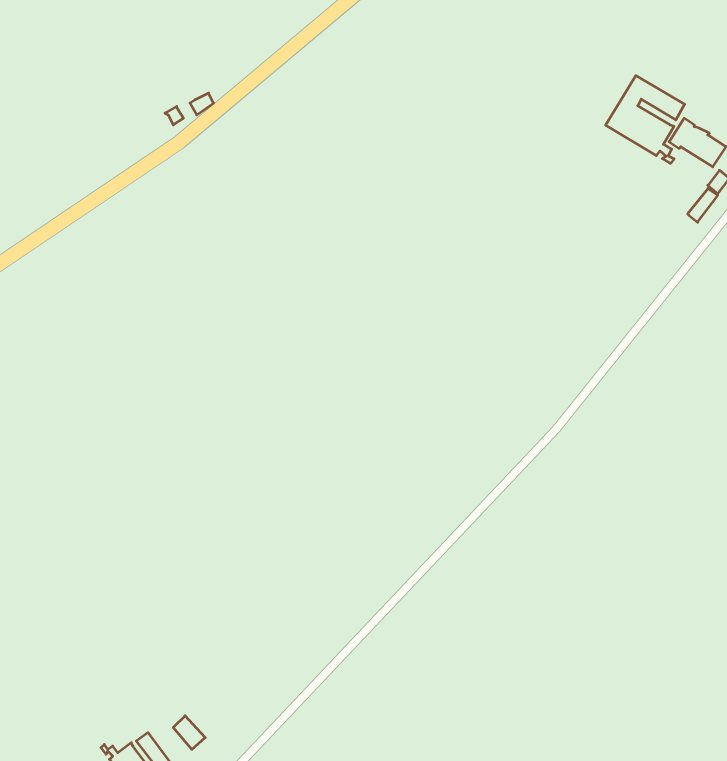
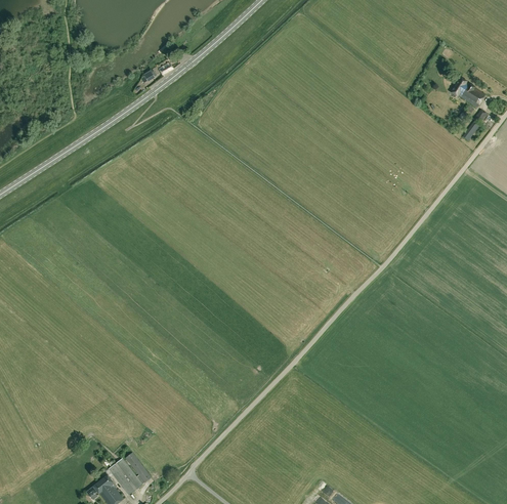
building: [606,76,685,163] -> none

